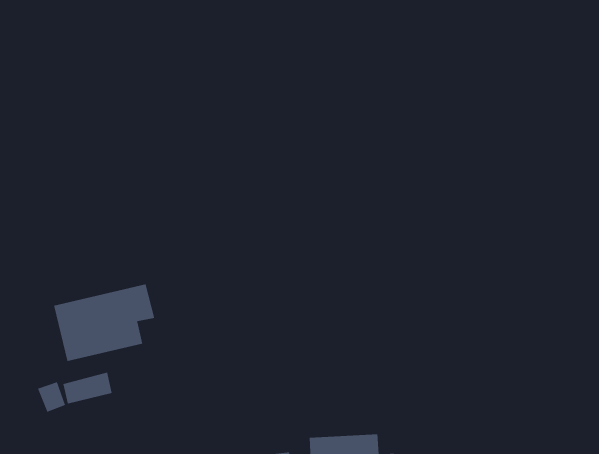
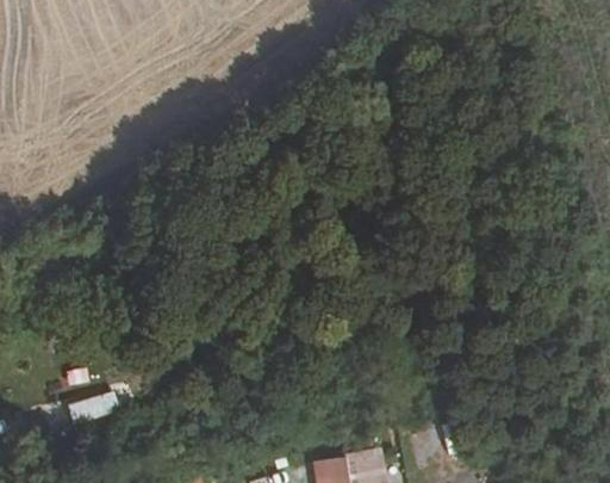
building: [53,284,155,362] -> none

